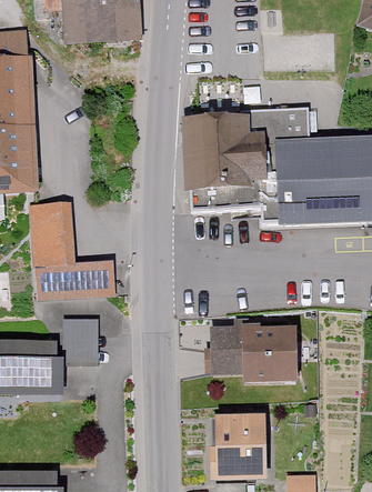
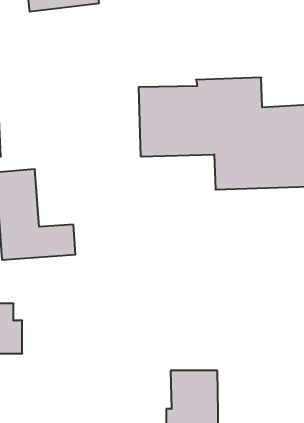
building: [68,318,101,363] -> none
building: [203,331,285,389] -> none

